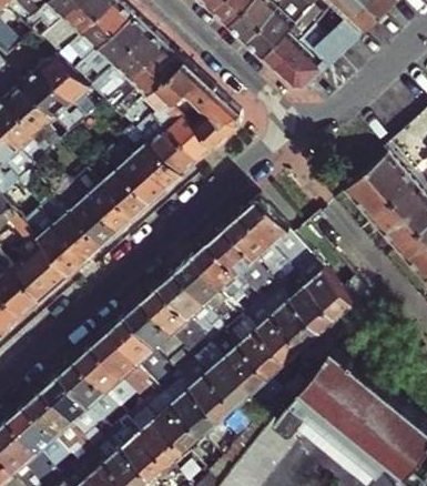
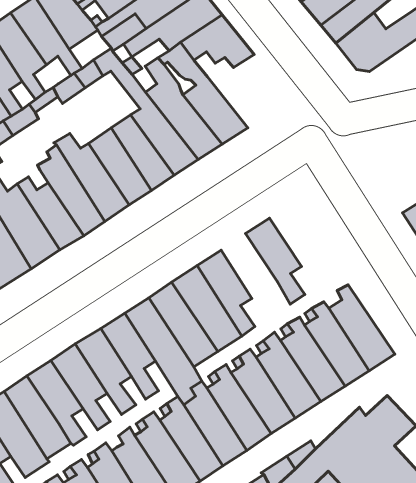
building: [181,89,241,145] -> none
building: [244,198,312,274] -> none
building: [211,226,263,290] -> none

